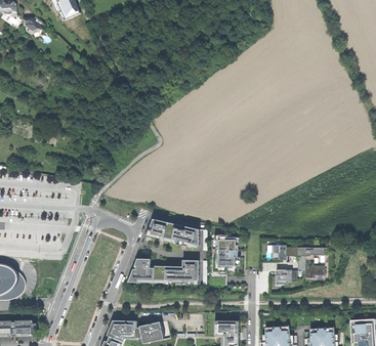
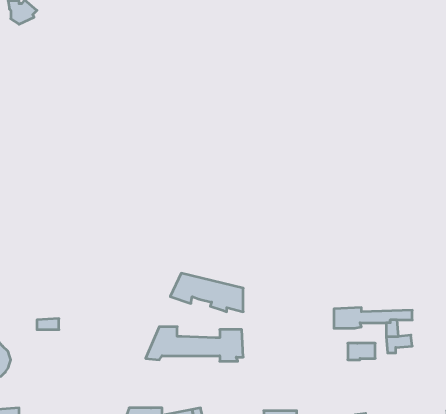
building: [217,239,240,268] -> none

